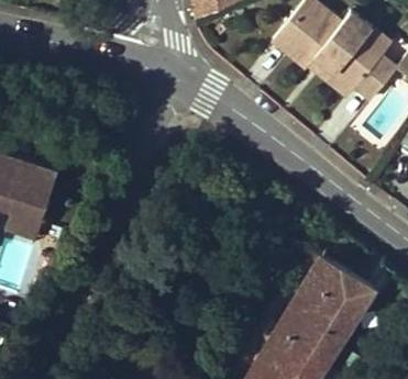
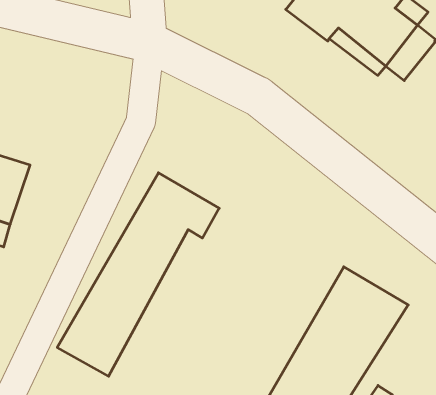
building: none -> [57,173,219,376]

